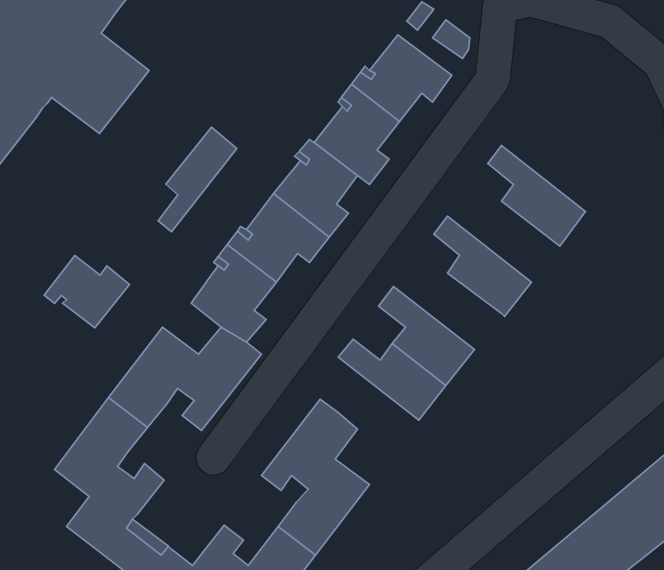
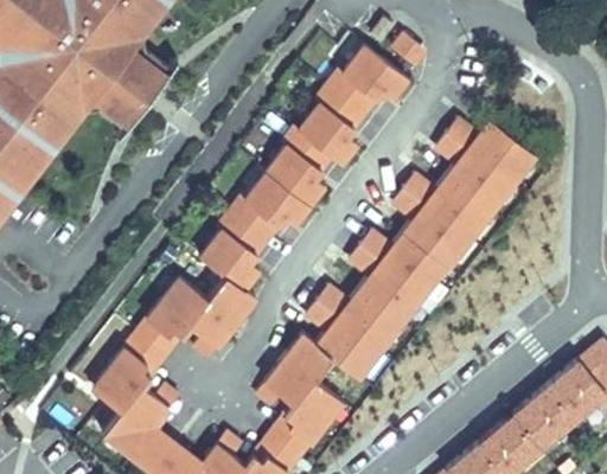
building: [158,127,237,232] -> none
building: none -> [446,120,535,186]
building: none -> [403,175,492,242]
building: [44,256,129,328] -> none
building: none -> [360,231,446,295]
building: none -> [306,301,381,379]

